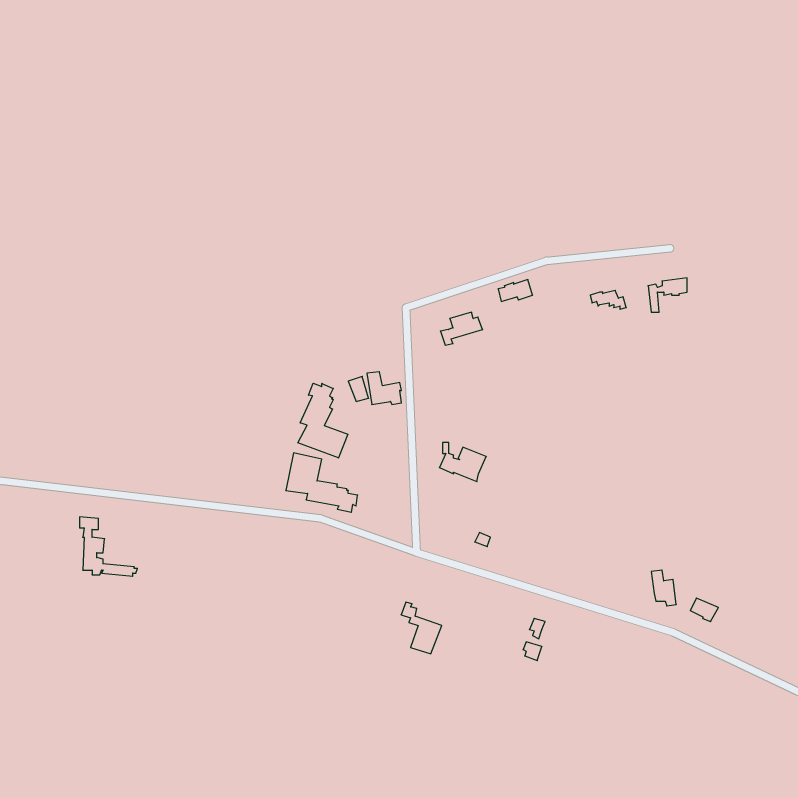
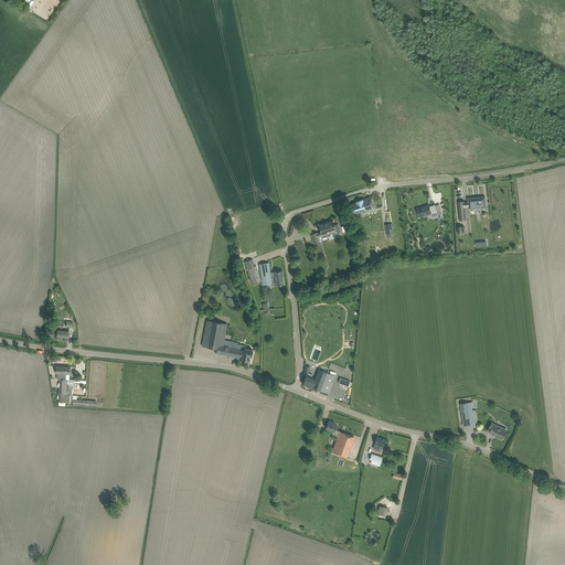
building: [298,383,348,458] -> none
building: [439,443,486,482] -> [302,366,335,394]
building: [401,602,442,654] -> [326,420,354,457]

